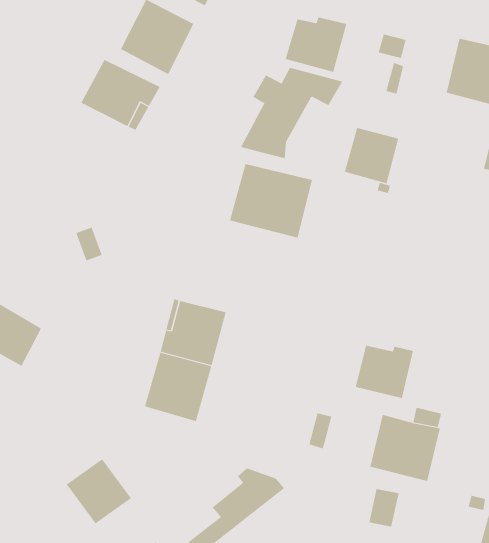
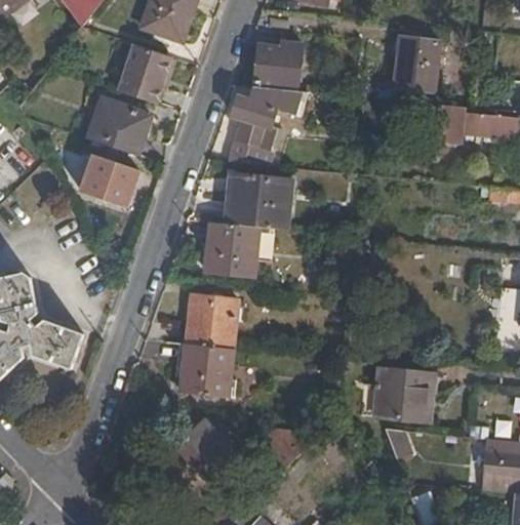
building: none -> [81,158,138,210]
building: [344,127,399,184] -> none
building: none -> [205,220,257,275]
building: [355,345,414,399] -> none
building: [66,459,132,524] -> [177,417,235,474]

